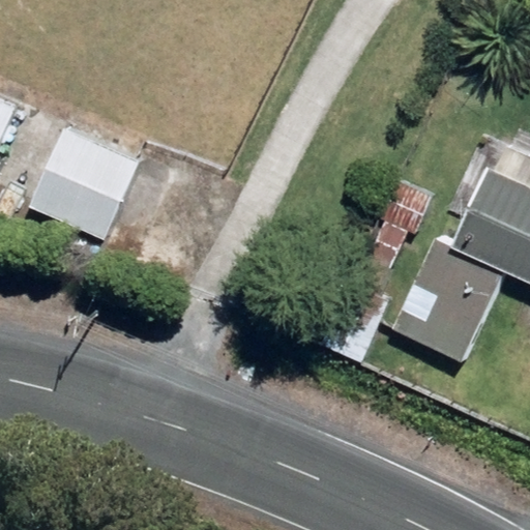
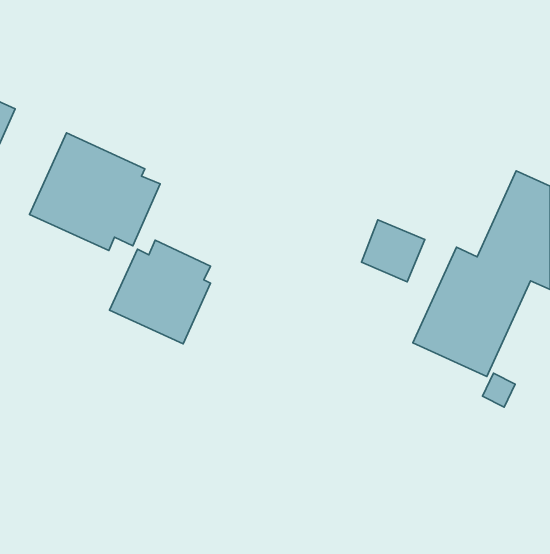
building: none -> [110,240,211,344]

